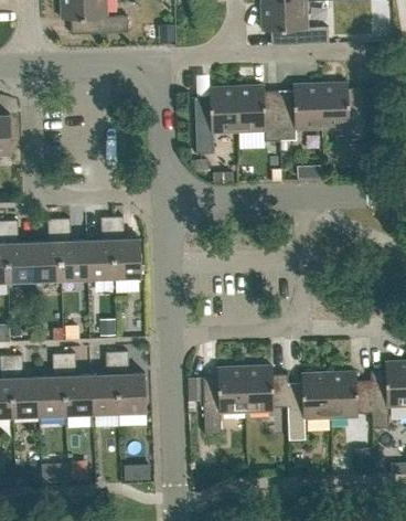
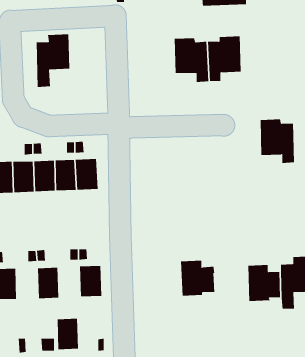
building: [320,83,364,139] -> [260,119,295,164]
building: [194,87,237,155] -> [36,34,70,87]
building: [202,368,246,435] -> none
building: [287,373,330,440] -> none
building: [90,374,118,414] -> [57,318,79,350]
building: [38,376,65,416] -> none

